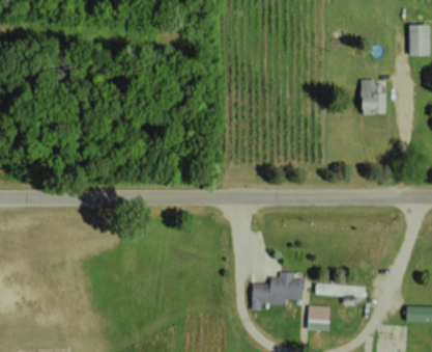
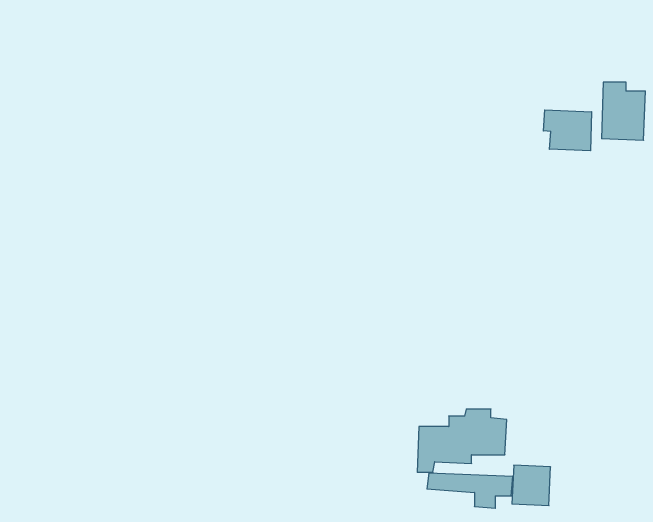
building: none -> [543,110,592,151]
building: [316,283,367,304] -> [427,473,513,508]

